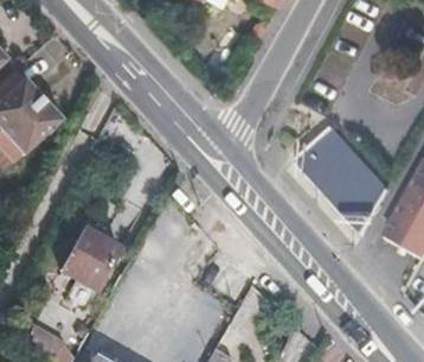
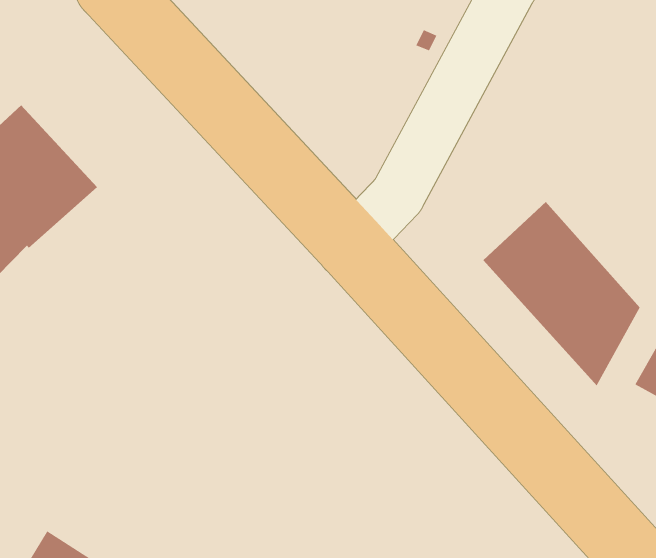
building: [58,229,118,291] -> none

